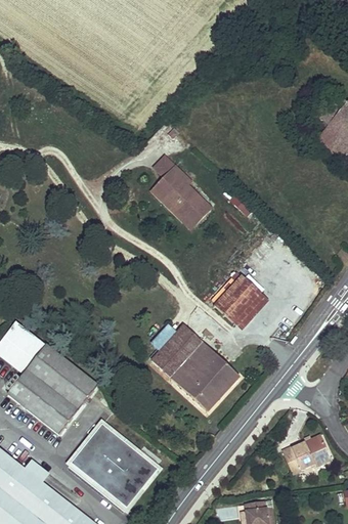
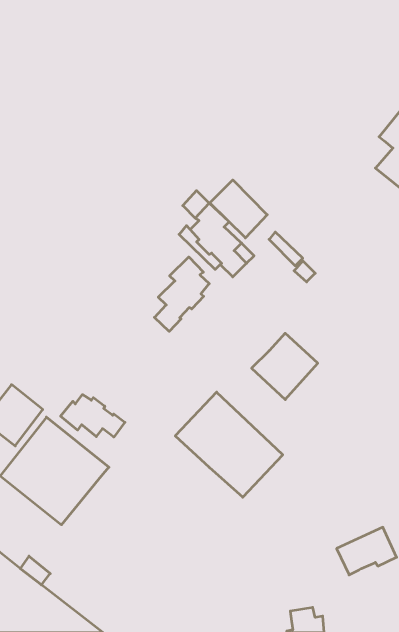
building: none -> [210,180,267,238]
building: none -> [154,257,209,331]
building: none -> [61,395,125,437]
building: [63,420,161,512] -> none

